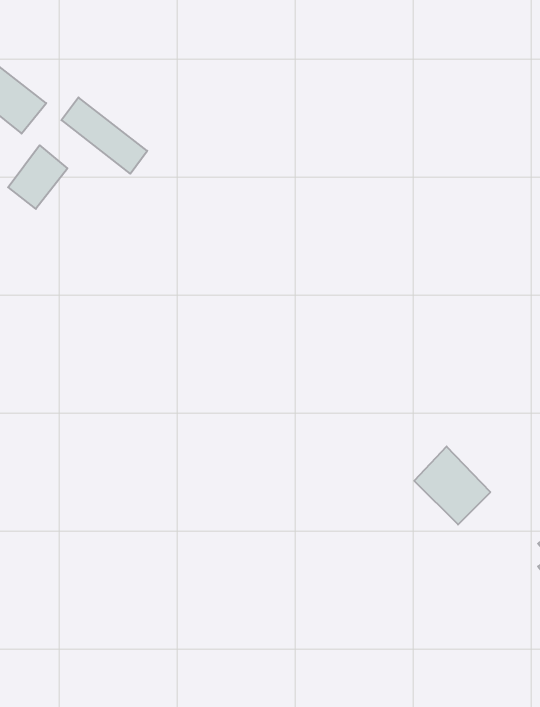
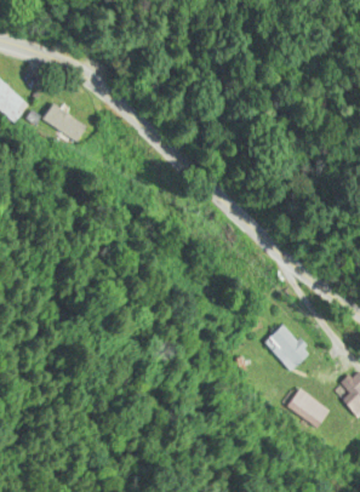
building: [8,145,67,209] -> none
building: none -> [287,389,330,428]

